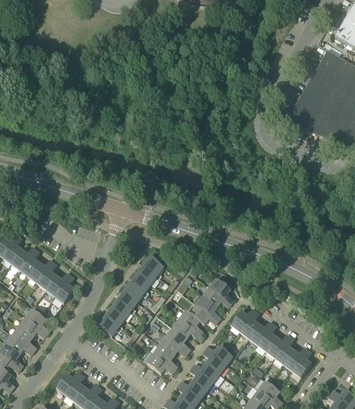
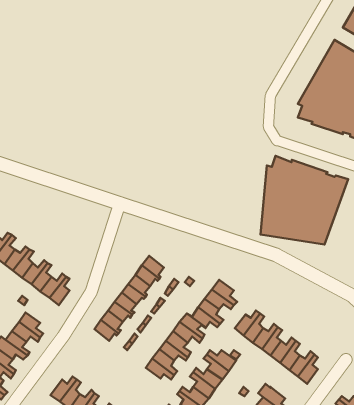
building: none -> [260,156,348,244]

